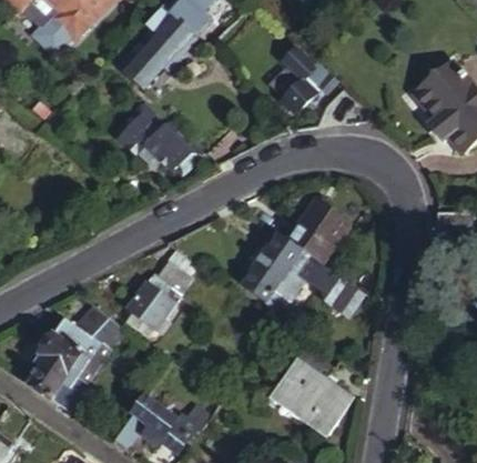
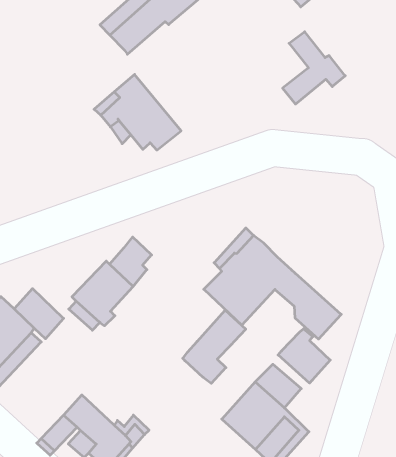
building: [287,197,347,260] -> none
building: none -> [183,310,246,383]
building: none -> [278,329,330,383]

